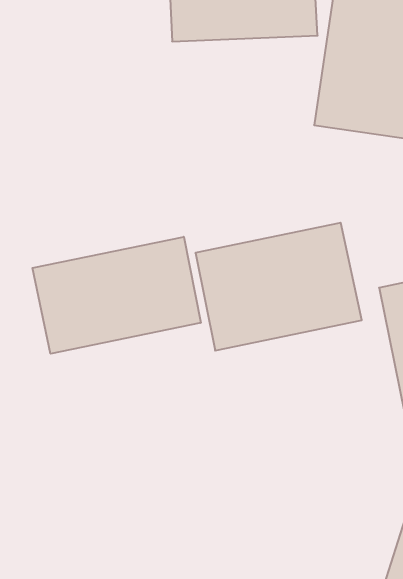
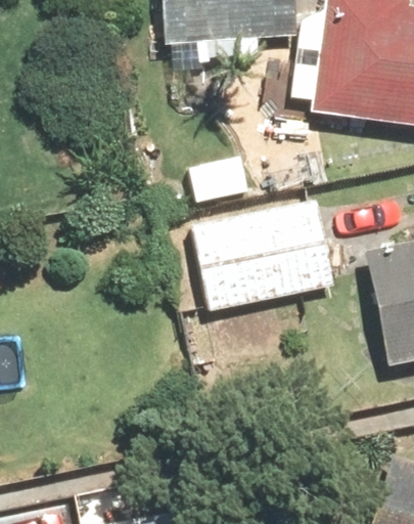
building: [32,237,201,354] -> none

